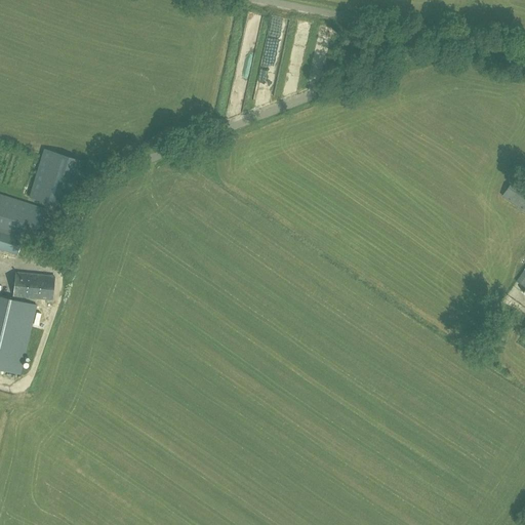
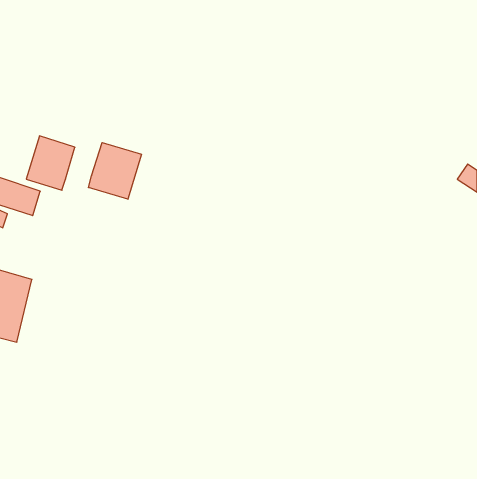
building: none -> [88,143,142,199]
building: [12,272,53,299] -> none

